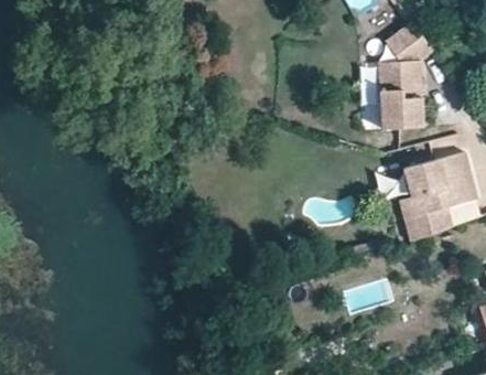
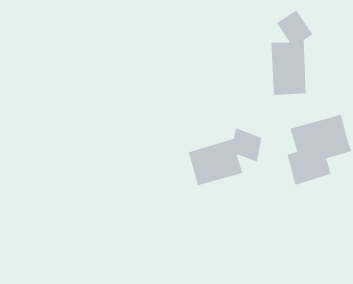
building: none -> [188,127,262,186]

